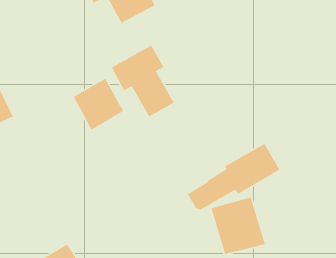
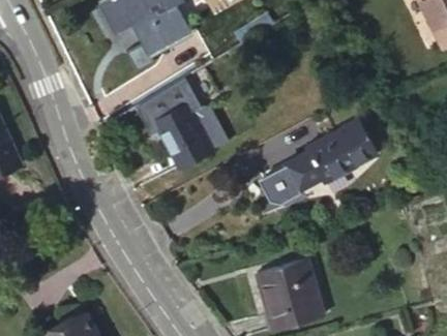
building: [73,78,124,131] -> none
building: [187,143,280,211] -> [264,121,376,202]

